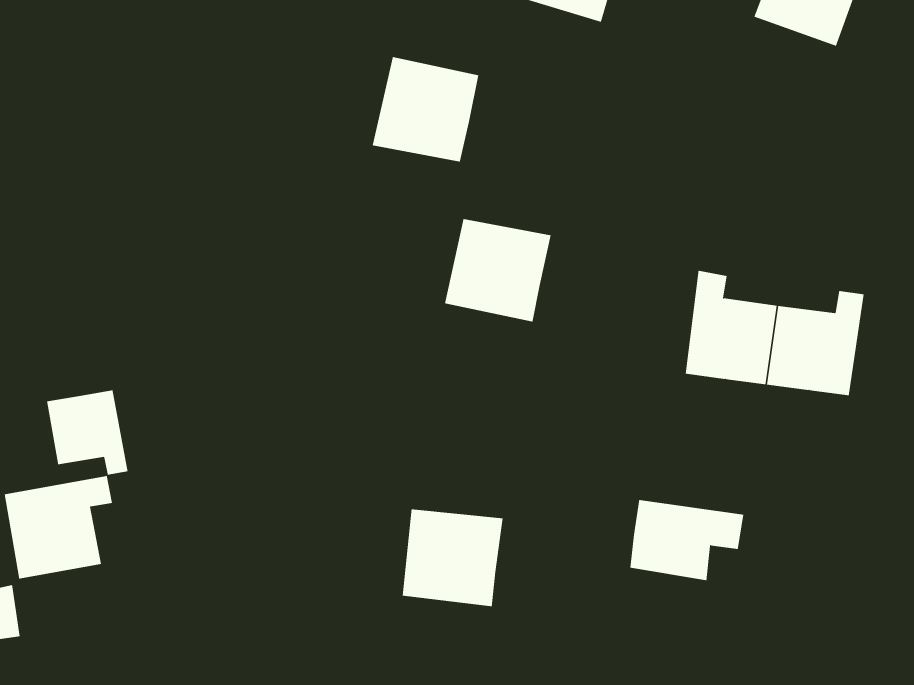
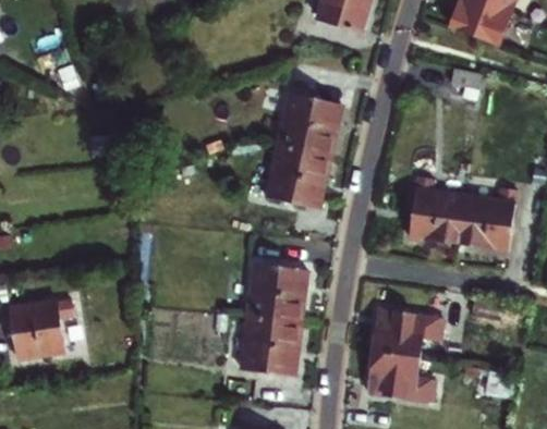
building: [372,57,479,162] -> [278,94,341,156]
building: [46,390,128,476] -> none
building: none -> [247,263,307,322]
building: none -> [369,352,435,401]

